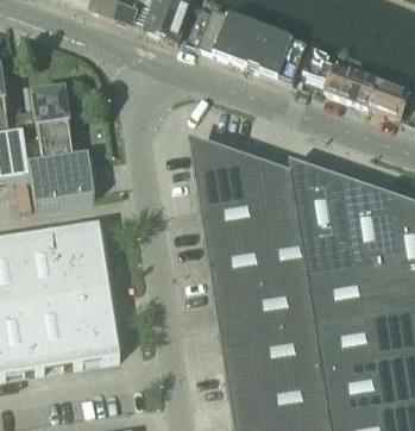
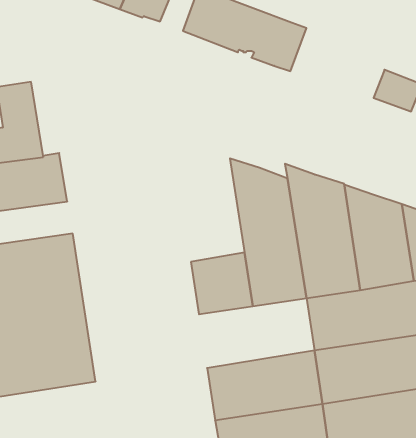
building: [302,43,376,102] -> none
building: [188,138,252,248] -> none
building: [212,280,314,342] -> none

